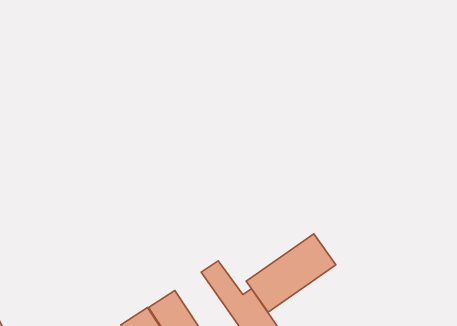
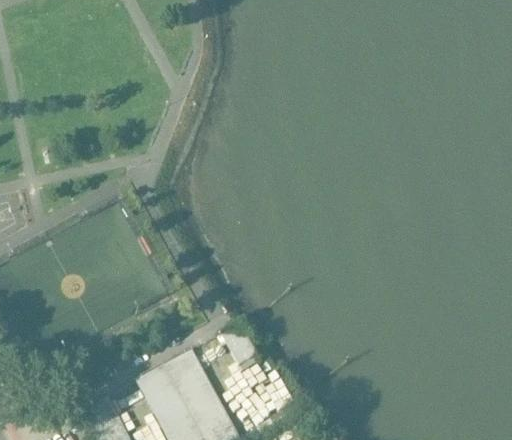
building: [246,234,336,312] -> none

